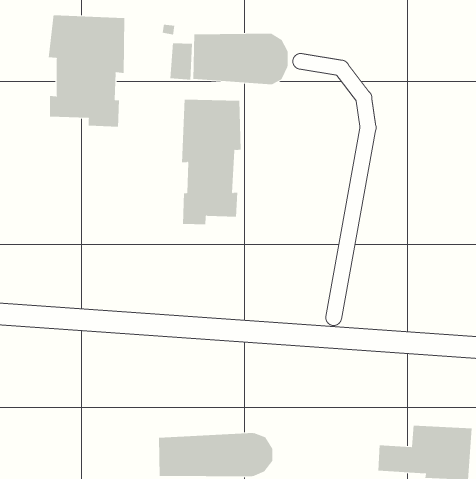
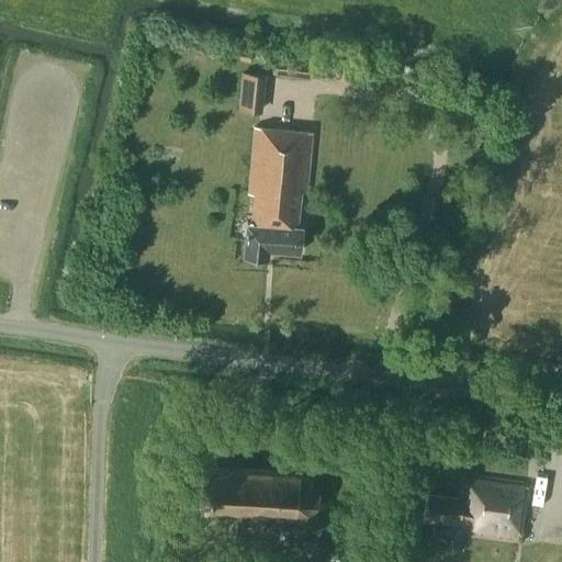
building: [48,14,125,128] -> none
building: [193,33,288,85] -> none

